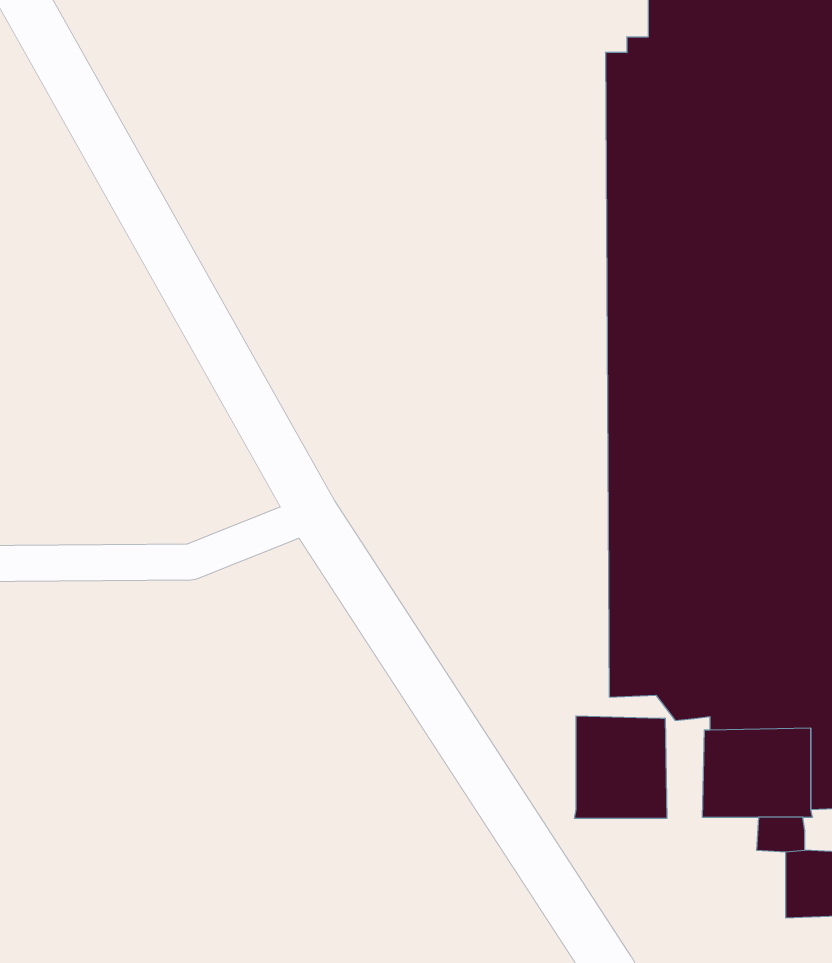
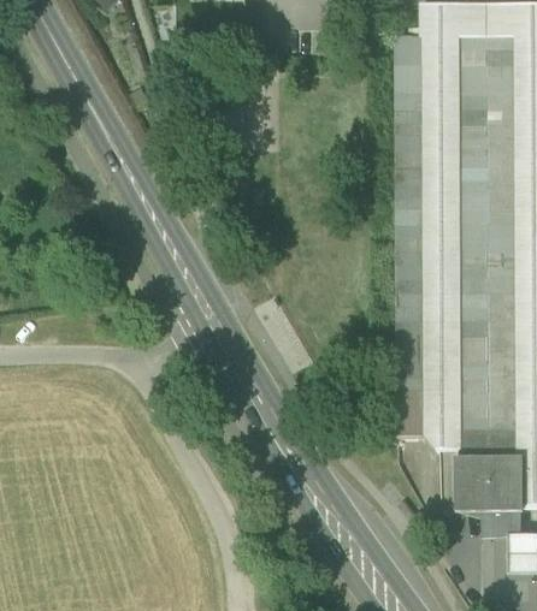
building: [575,716,667,818] -> none

